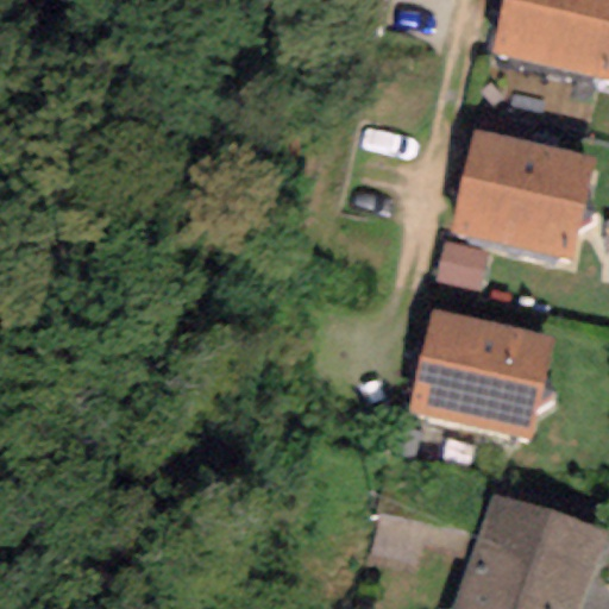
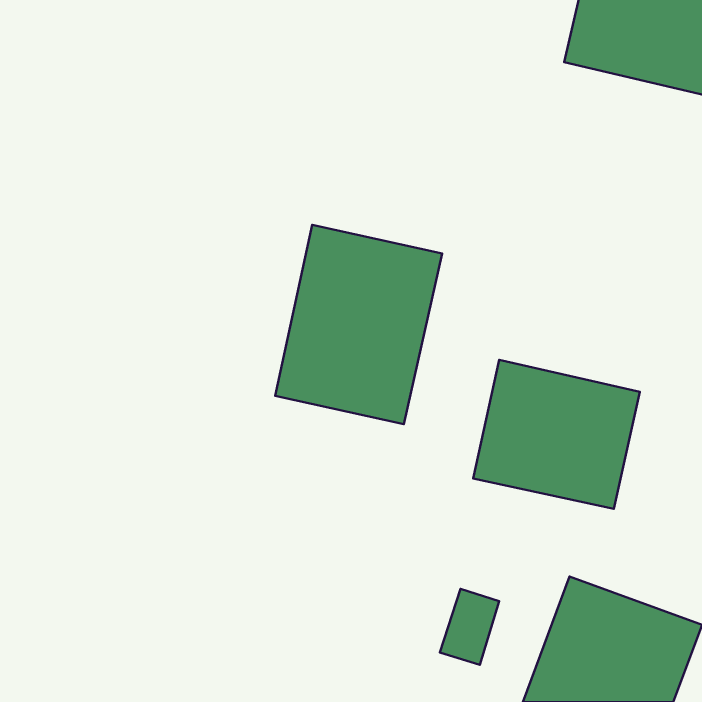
building: [450,127,597,259] -> none
building: none -> [275,225,442,424]

